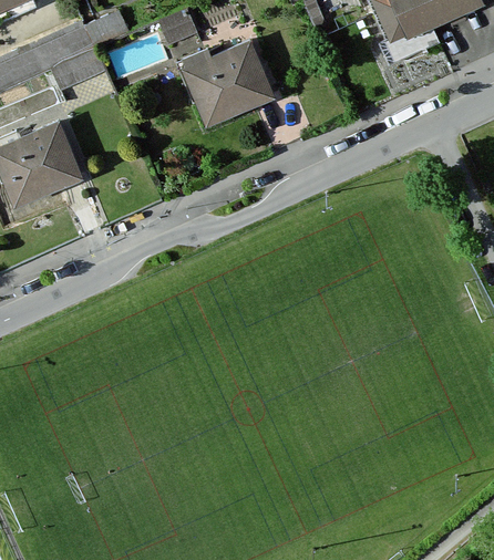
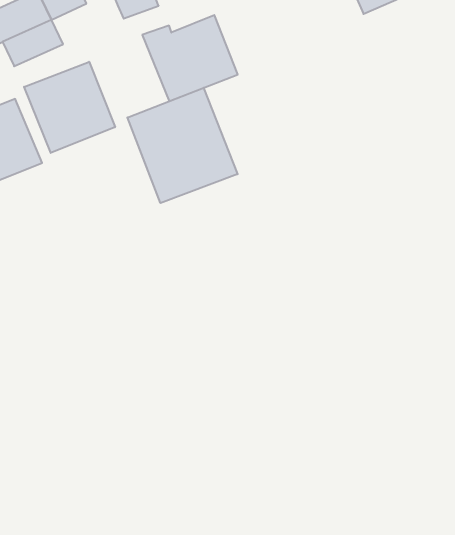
building: none -> [24,62,115,153]
building: none -> [127,88,238,203]

